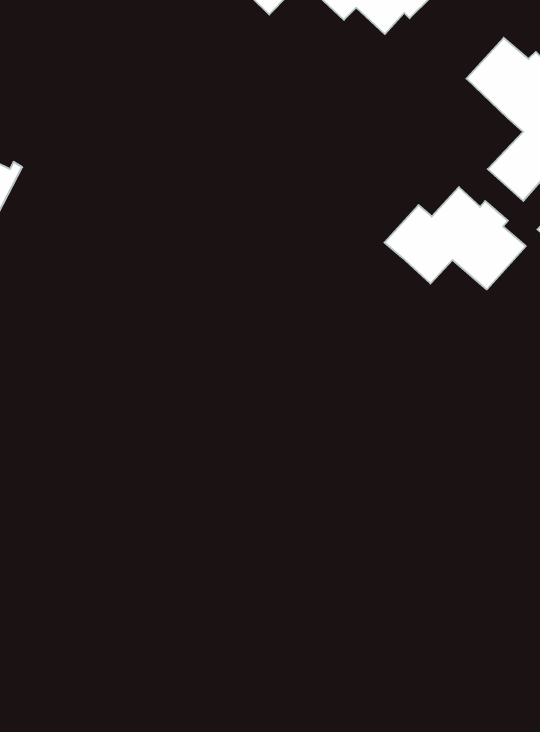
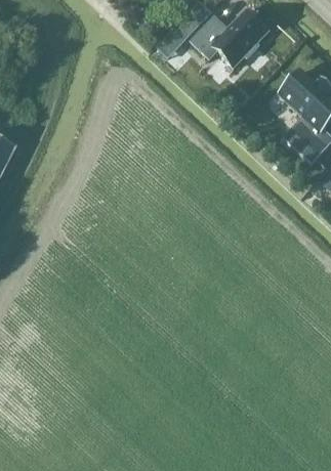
building: [384,187,526,289] -> none

